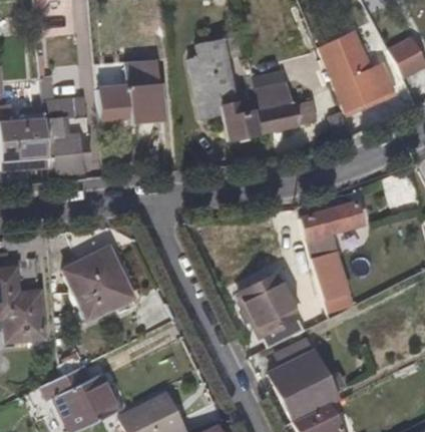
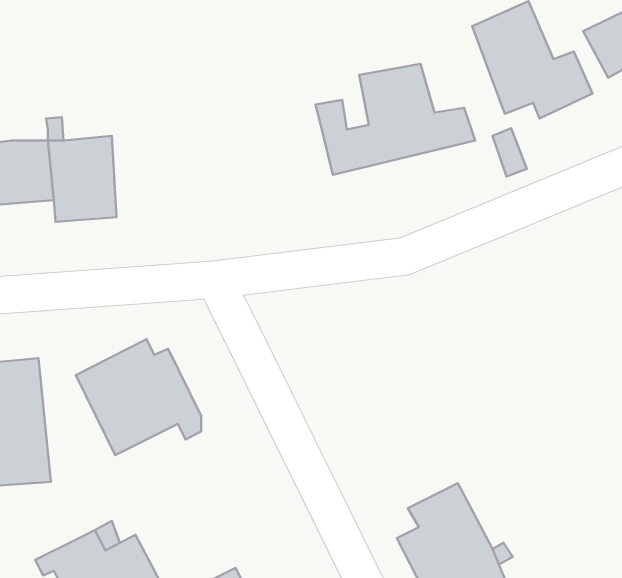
building: [187,38,234,116] -> none
building: [96,59,165,127] -> none
building: [302,201,364,320] -> none
building: [237,273,306,349] -> none

